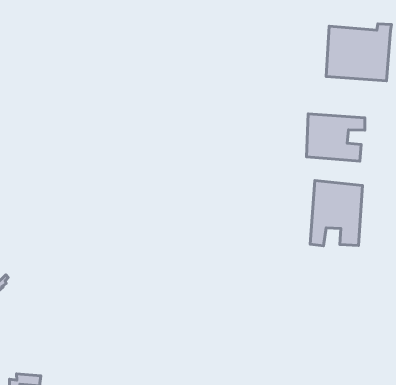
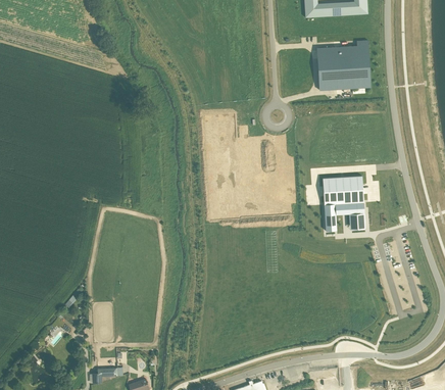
building: [306,114,365,161] -> none

